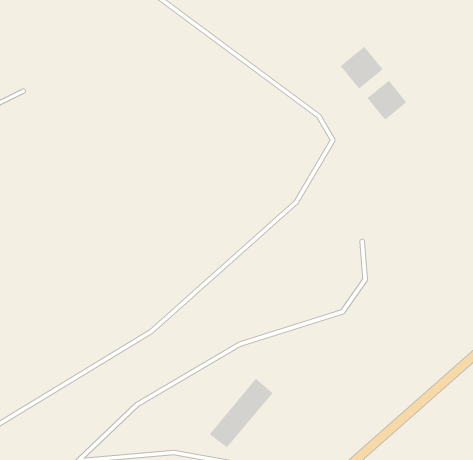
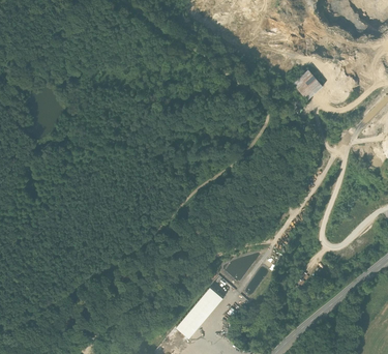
building: [340,46,384,90] -> none

